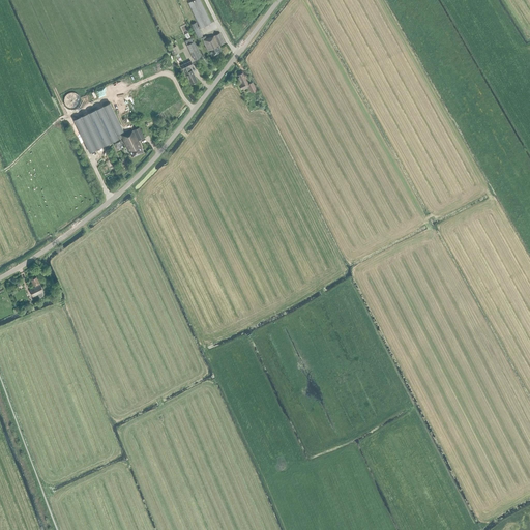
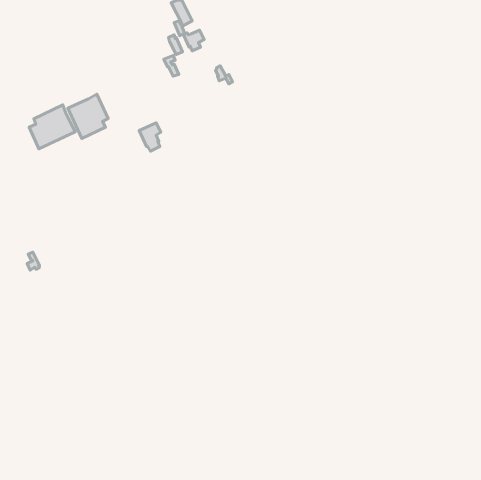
building: none -> [29,105,75,149]
building: [120,127,144,158] -> [139,123,161,151]

